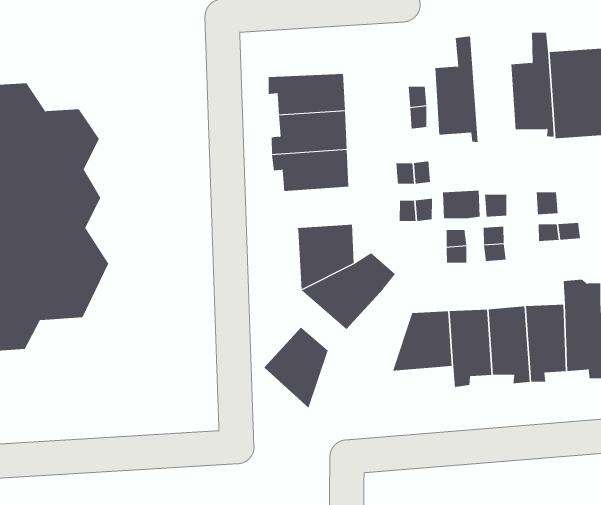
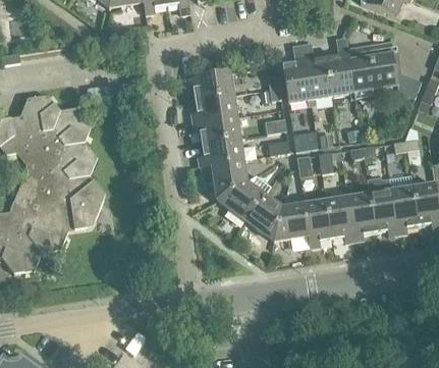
building: none -> [301,42,332,104]
building: none -> [199,137,243,166]
building: [263,327,328,409] -> [245,194,282,241]

